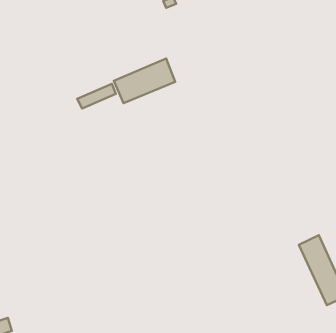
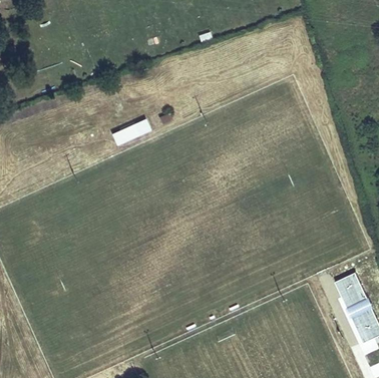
building: [114,58,175,103] -> none

